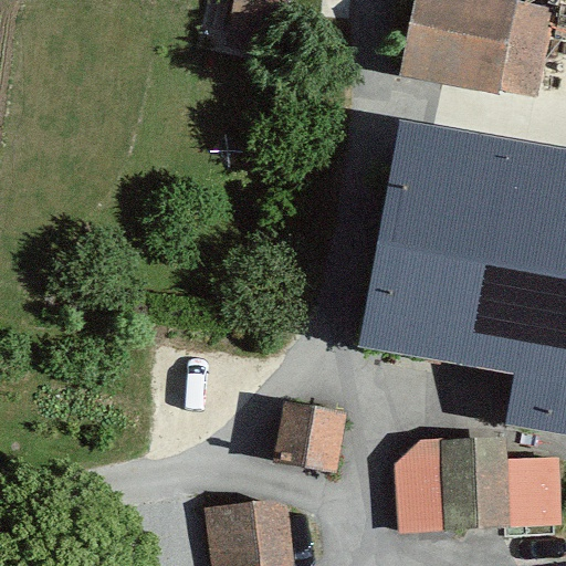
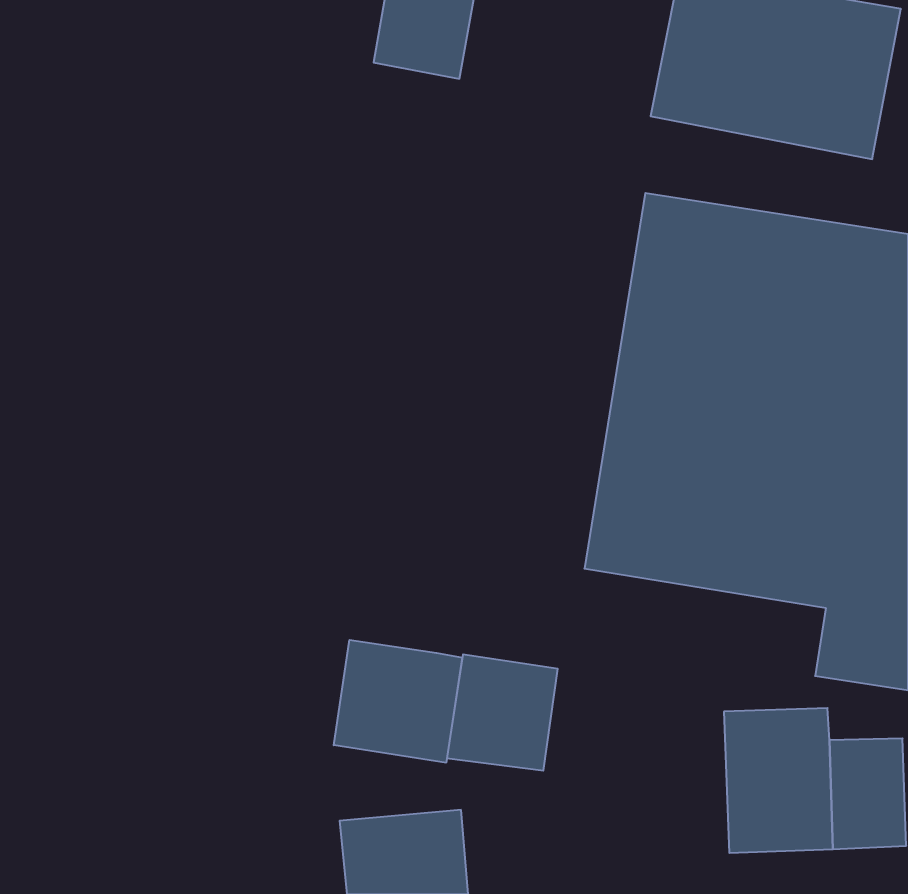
building: none -> [334,640,462,763]
building: [397,440,451,531] -> none

